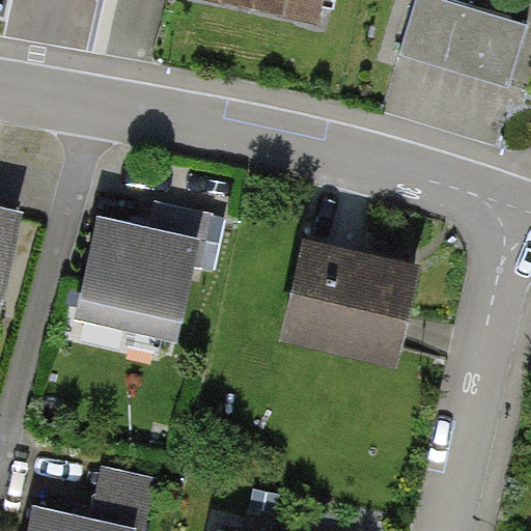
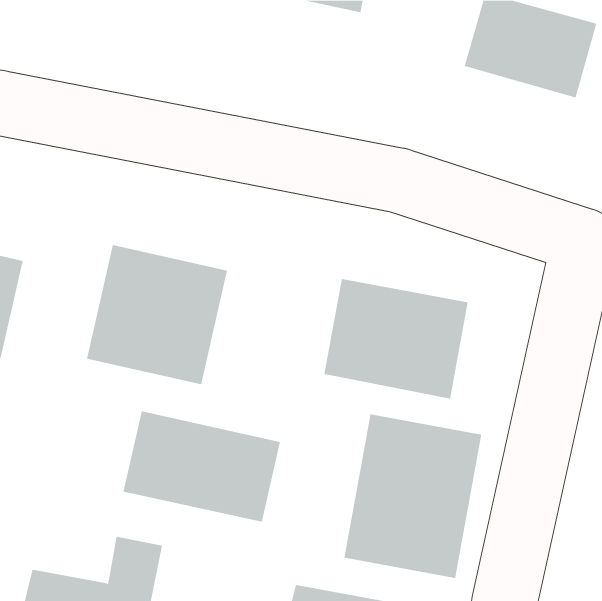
building: none -> [123,410,280,523]
building: none -> [344,413,482,579]

